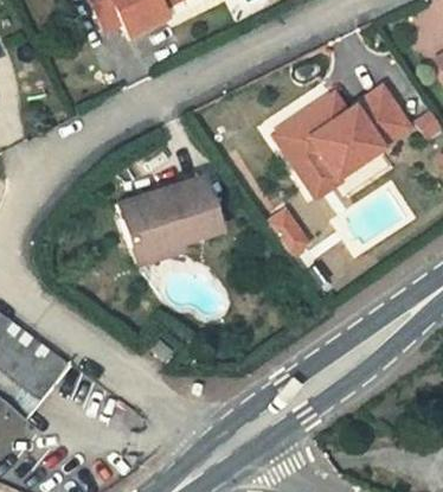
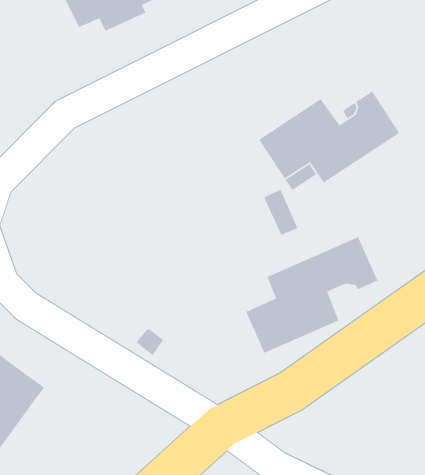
building: [120,152,230,248] -> none
building: none -> [245,236,378,354]

